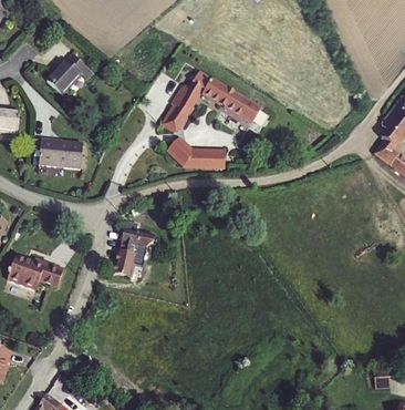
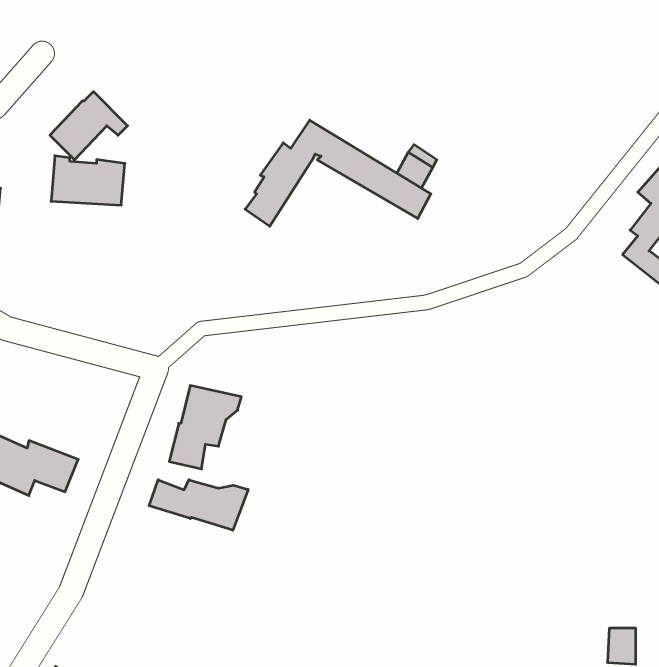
building: [166,137,218,167] -> none
building: [38,140,81,168] -> [51,156,125,205]
building: none -> [149,480,248,530]

